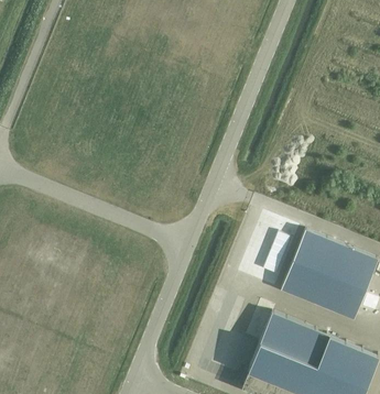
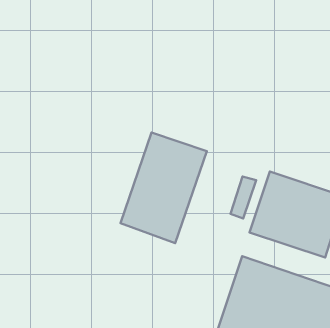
building: none -> [121,132,207,243]

